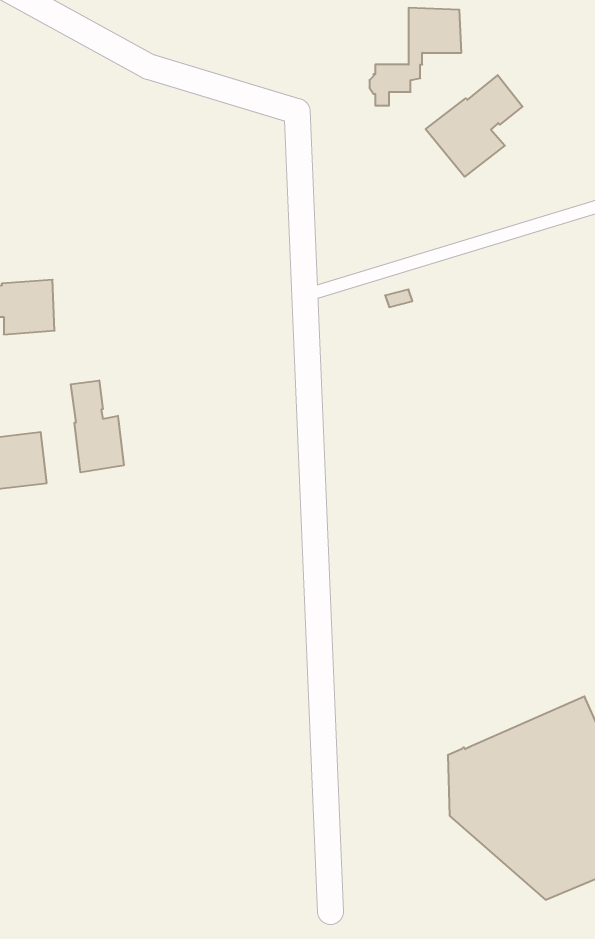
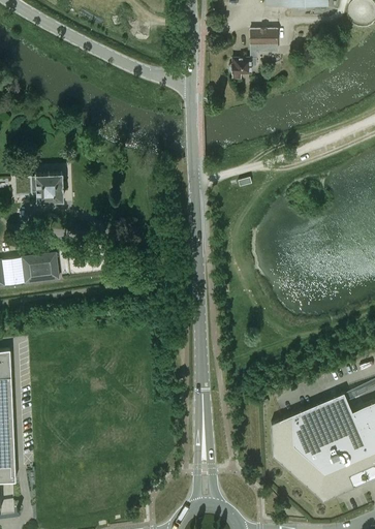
building: [426,75,523,177] -> none
building: [71,380,124,472] -> none

